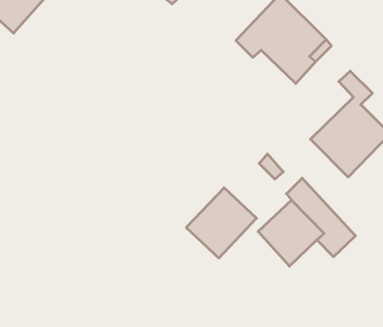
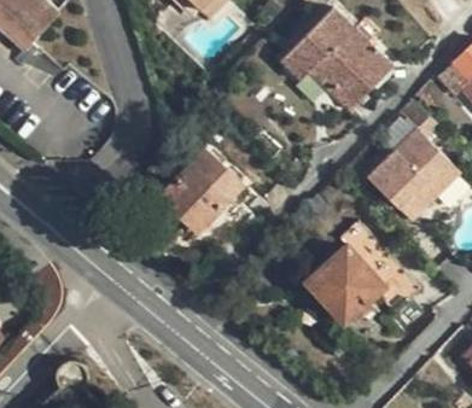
building: [186,188,257,258] -> [159,150,240,231]

